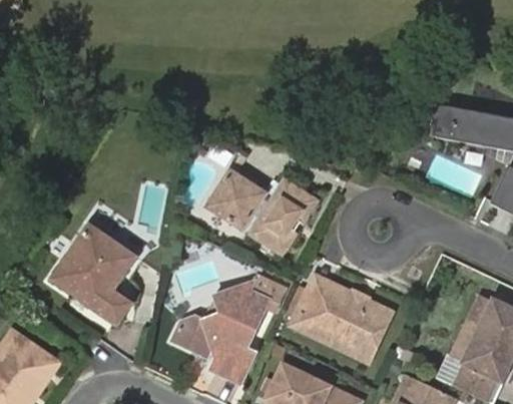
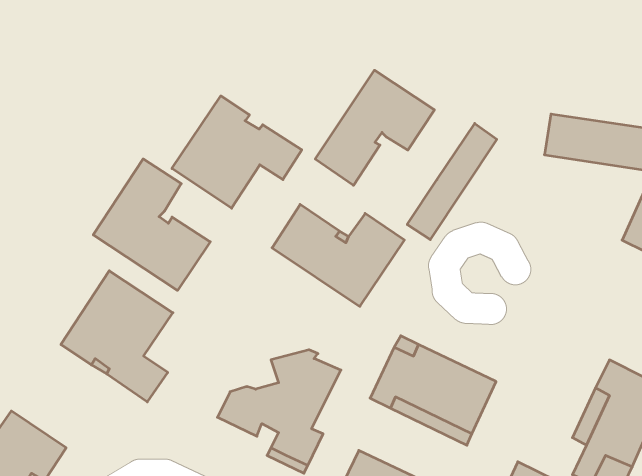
building: none -> [315,70,434,185]
building: none -> [172,96,302,208]
building: none -> [407,123,497,240]
building: none -> [93,159,210,290]

